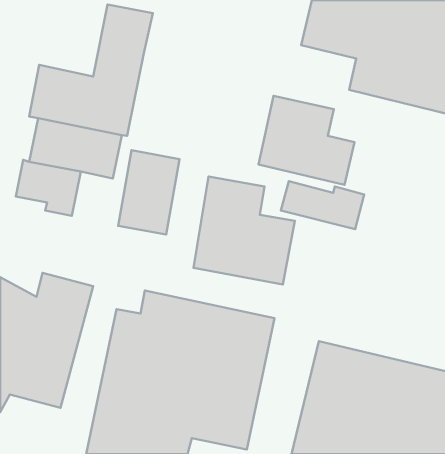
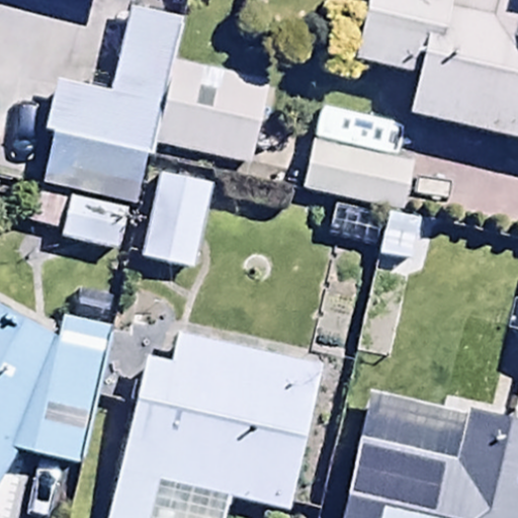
building: none -> [157,61,271,164]
building: [193,177,295,284] -> none

